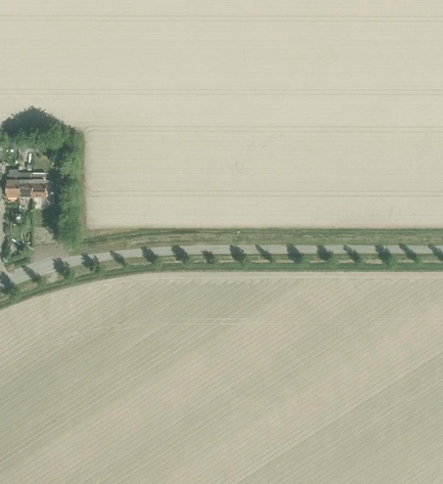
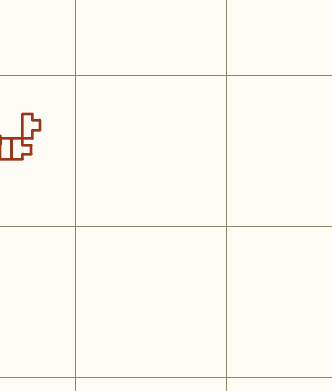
building: none -> [23,114,40,139]

